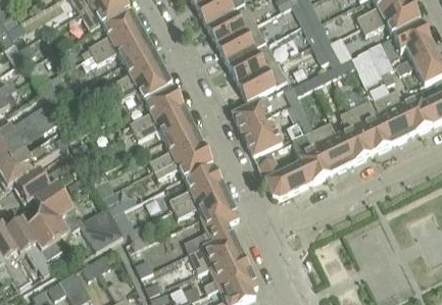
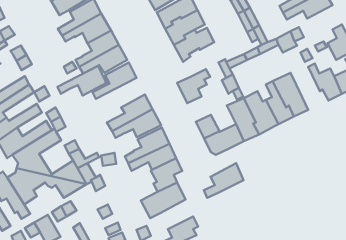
building: [393,20,431,63] -> none
building: [239,62,286,101] -> none
building: [374,92,414,144] -> none
building: [134,105,193,141] -> [57,66,106,95]
building: [244,112,282,155] -> none
building: [203,252,251,294] -> [204,163,244,198]

